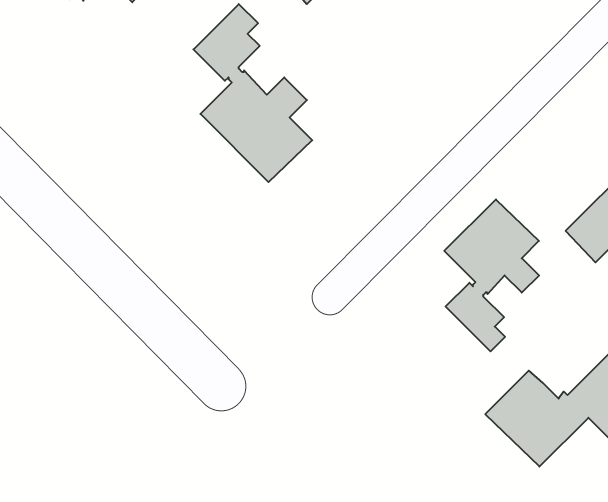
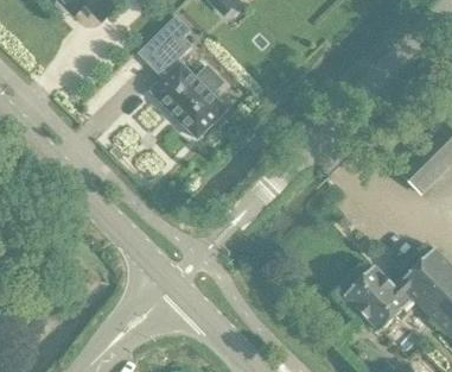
building: [444,199,539,351] -> none

